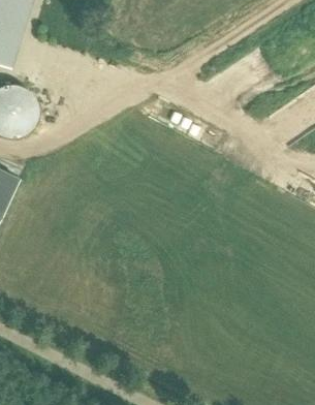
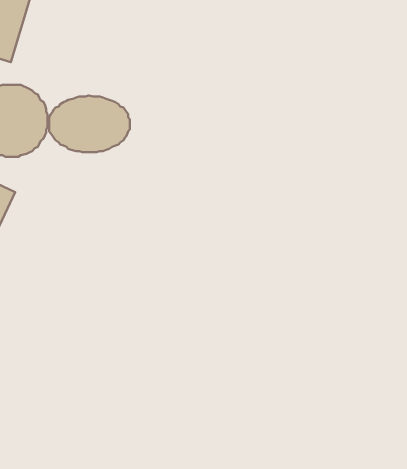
building: none -> [49,95,130,152]

